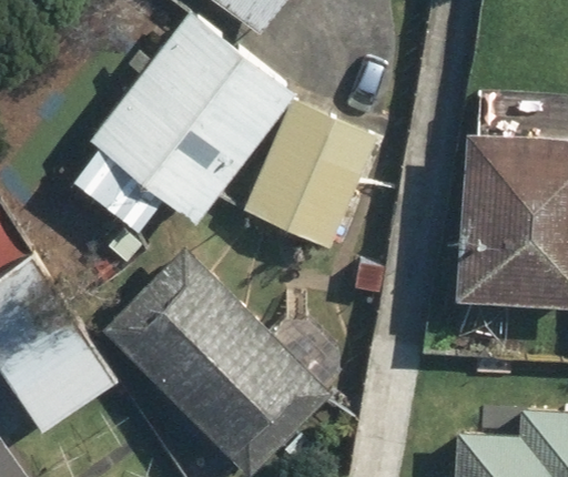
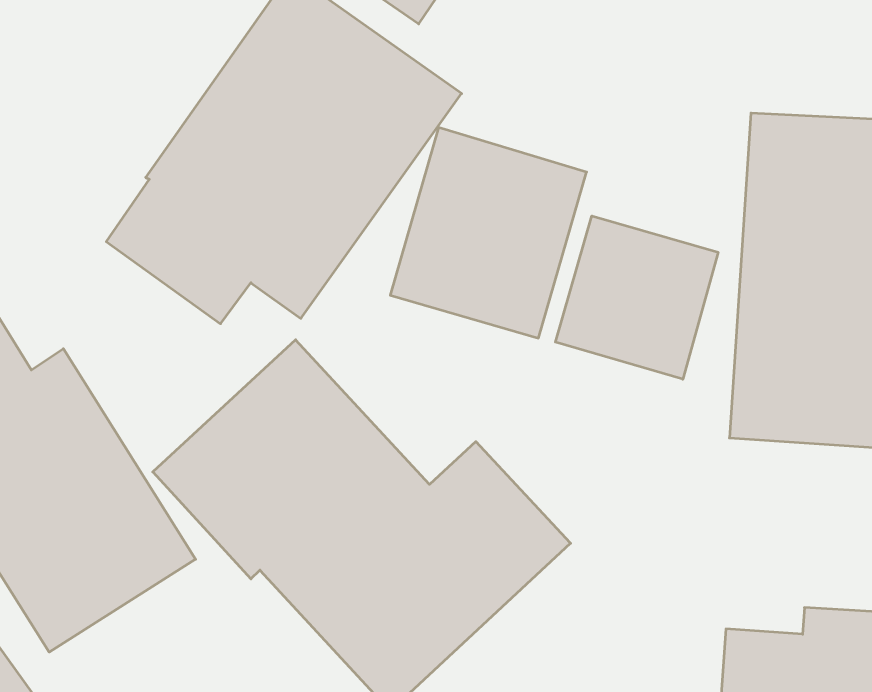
building: none -> [555,216,718,379]

